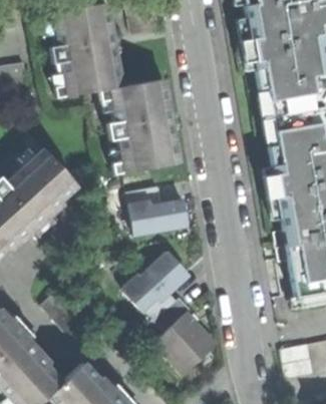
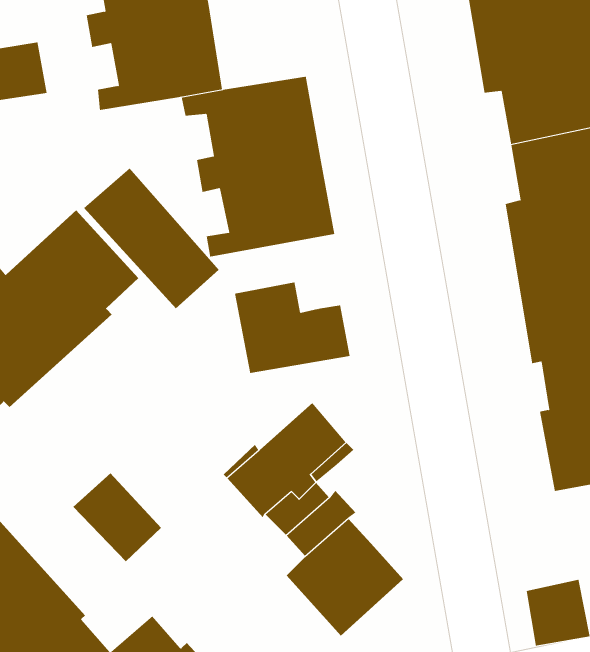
building: none -> [83,168,219,309]

